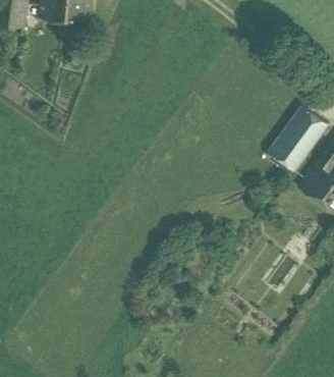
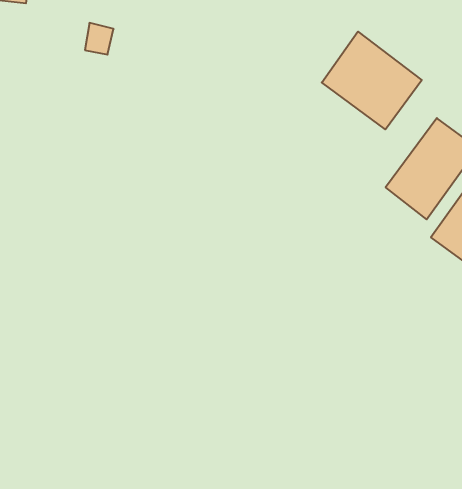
building: none -> [322,32,422,129]

